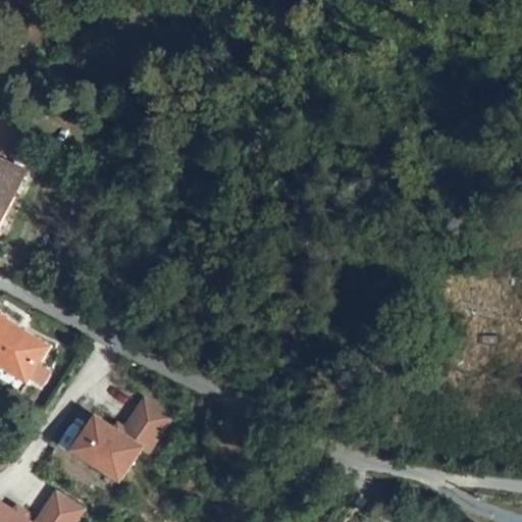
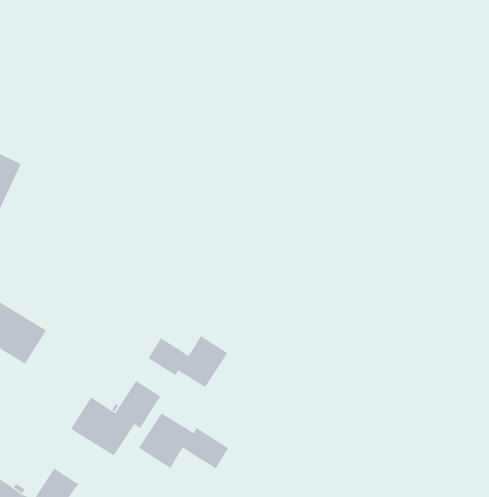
building: none -> [148,335,228,388]
building: none -> [138,412,229,469]

